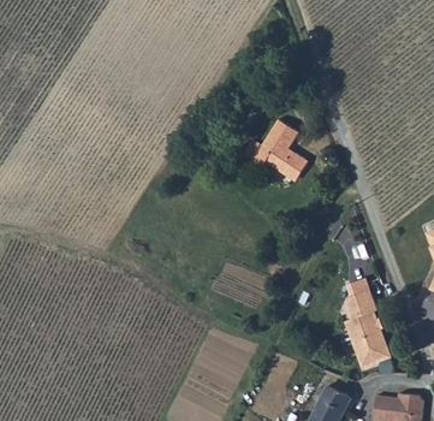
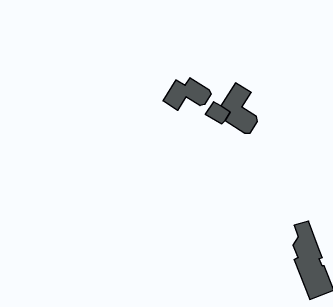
building: none -> [163,78,211,110]

